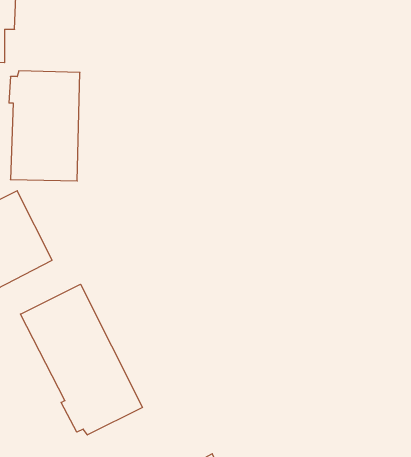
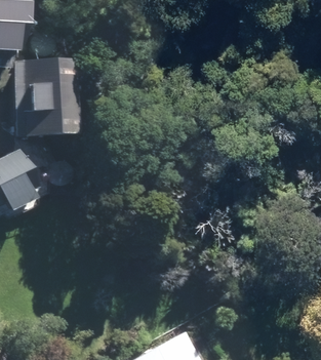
building: [20,284,142,435] -> none

